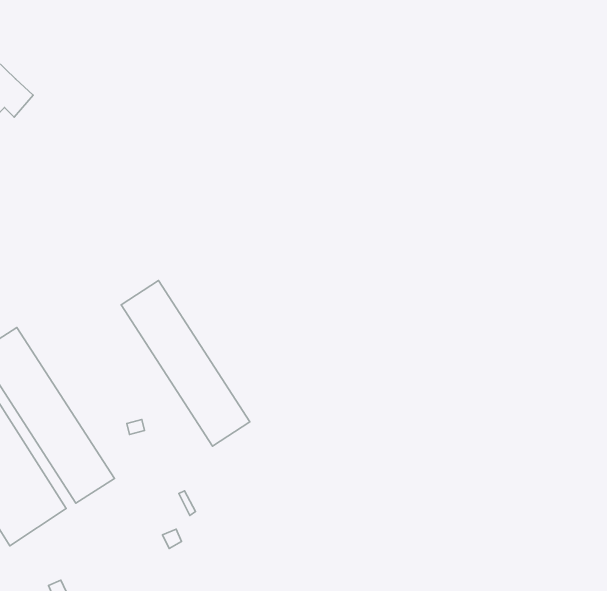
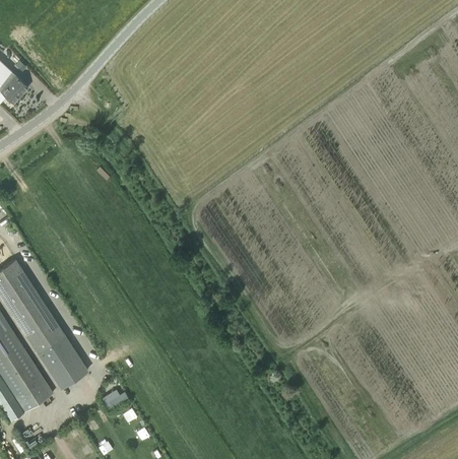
building: [121,280,250,446] -> none

